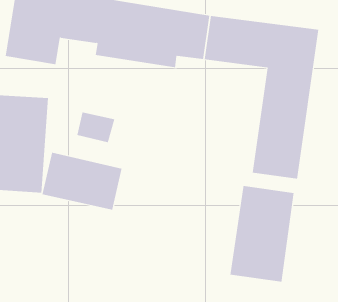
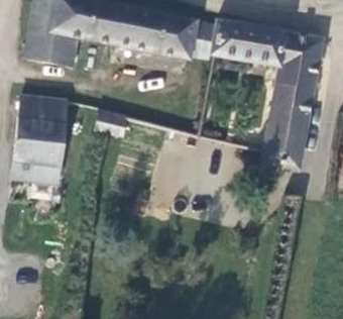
building: [42,152,122,211] -> none
building: [230,185,294,283] -> none

